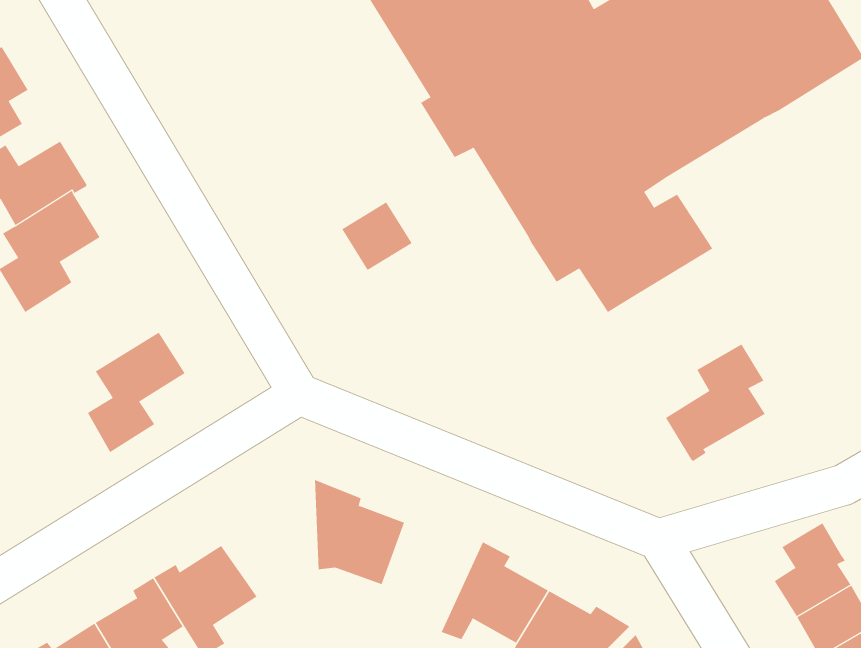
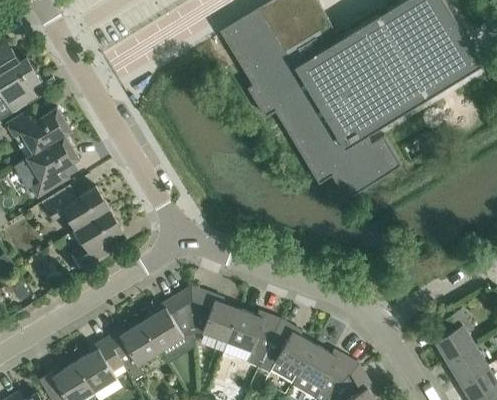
building: [341,201,412,271] -> none
building: none -> [42,187,109,230]
building: [665,343,765,462] -> none
building: none -> [142,287,193,349]
building: none -> [227,310,280,368]

